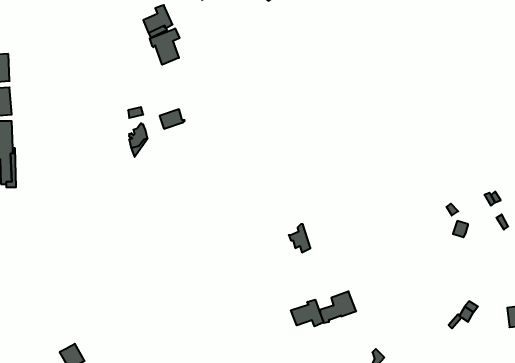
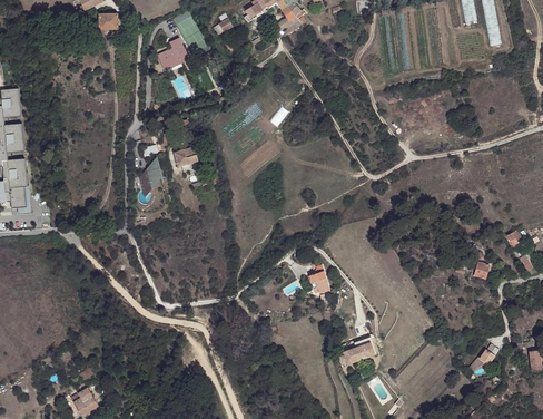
building: [150,28,180,65] -> none
building: [291,300,323,326] -> none

